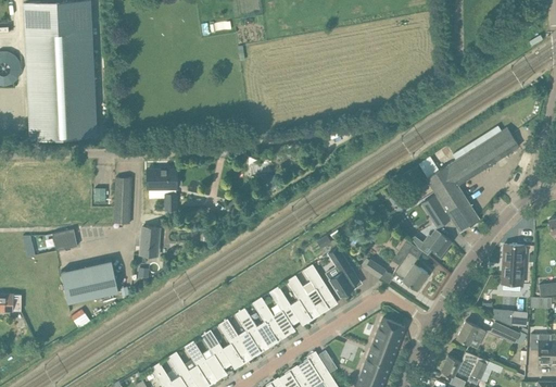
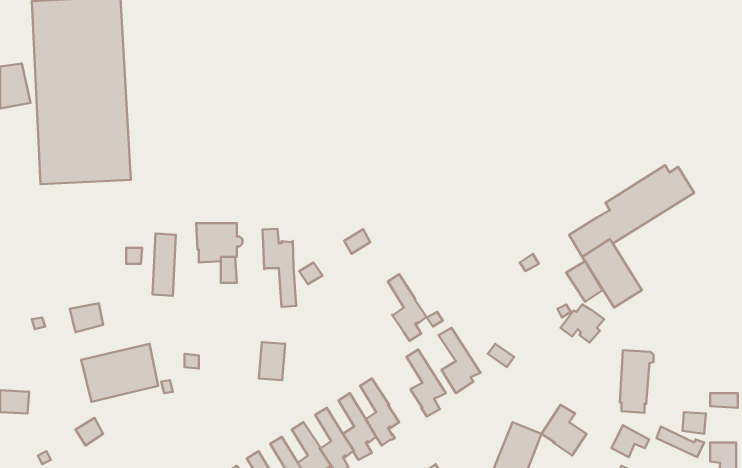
building: none -> [263,229,296,307]
building: [140,227,160,255] -> [259,342,285,380]
building: [502,245,527,291] -> [620,350,653,413]
building: [394,251,428,289] -> [542,405,587,456]
building: [287,275,316,325] -> [388,274,427,341]

